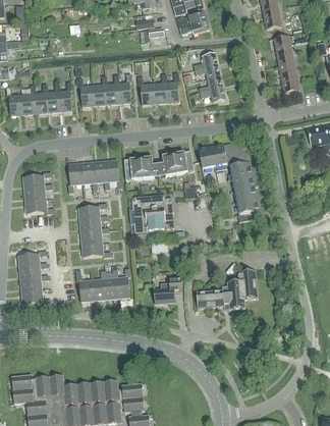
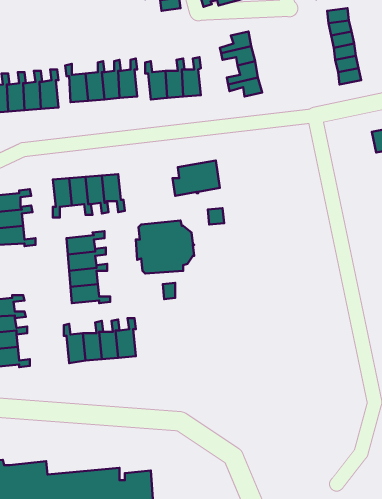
building: [199,143,260,222] -> none
building: [123,156,160,179] -> none
building: [196,271,258,310] -> none
building: [154,276,181,303] -> none

